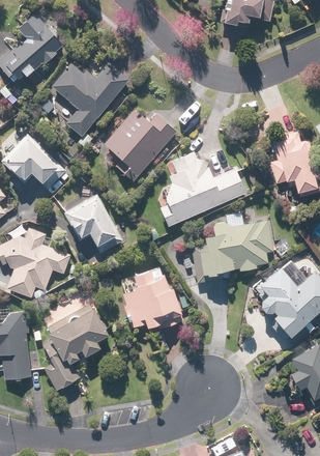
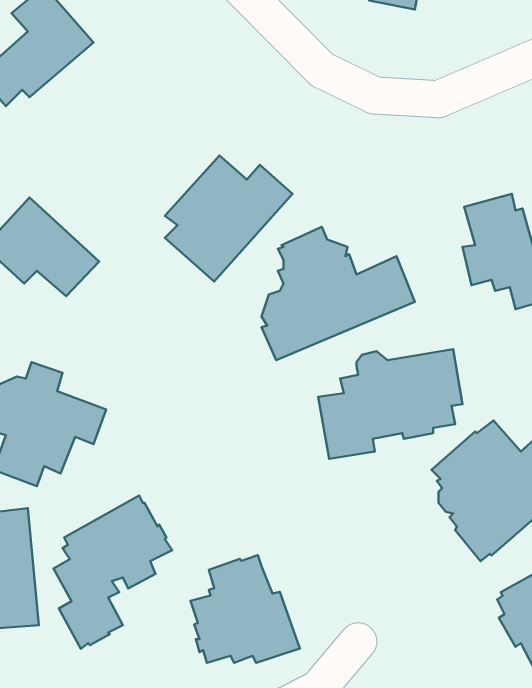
building: [51,62,128,136] -> none
building: [62,194,123,253] -> none
building: [121,266,183,327] -> [190,555,300,663]

